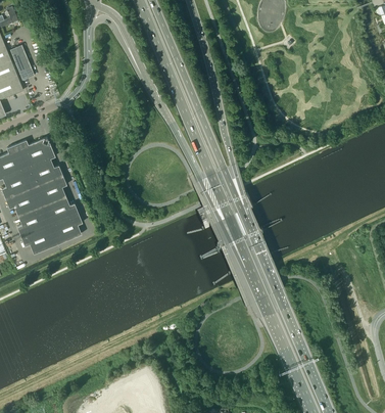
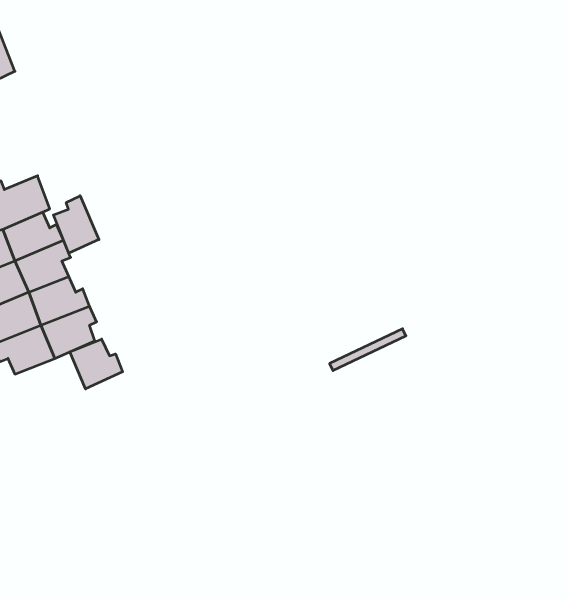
building: none -> [53,196,99,253]
building: none -> [70,339,123,389]

